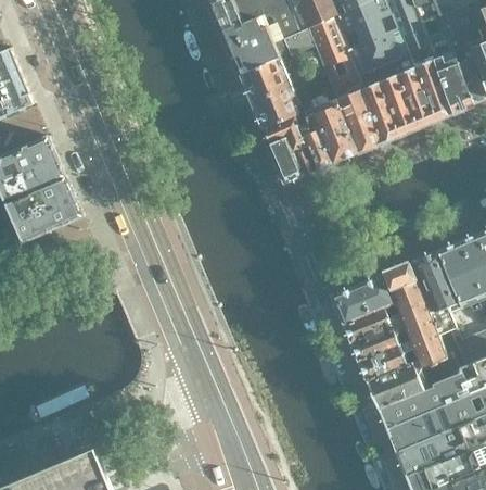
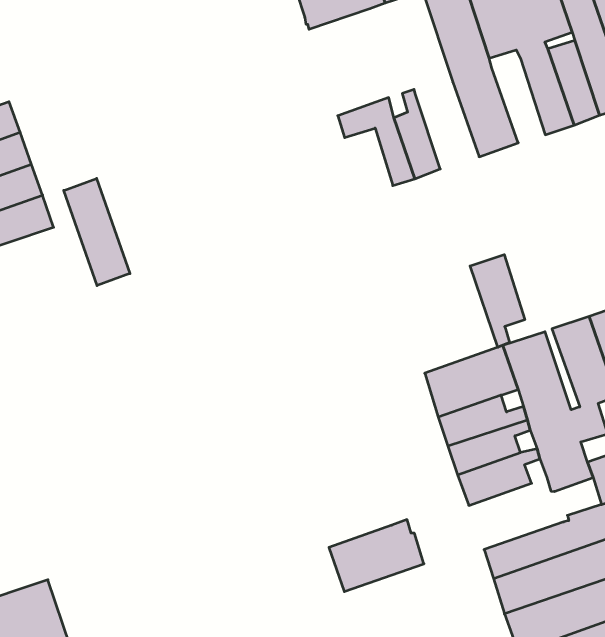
building: [241,59,299,130] -> none
building: [362,85,400,140] -> none
building: [314,103,358,161] -> none
building: [269,137,303,181] -> none
building: none -> [64,178,130,286]
building: none -> [470,255,525,347]
building: [367,359,430,409] -> [329,520,424,592]

